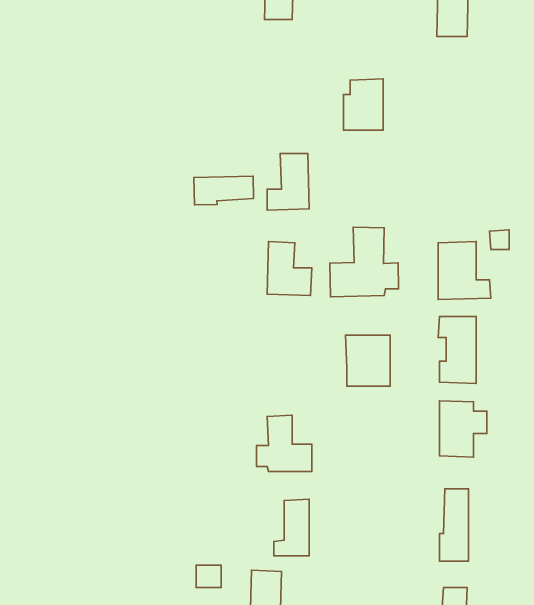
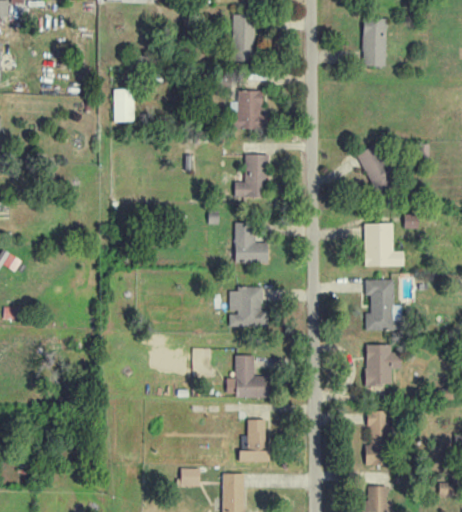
building: none -> [113,90,134,123]
building: [344,79,383,130] -> [232,91,262,130]
building: none -> [356,146,394,190]
building: [194,176,254,205] -> none
building: [330,227,399,297] -> none
building: [345,335,390,386] -> [228,288,262,327]

